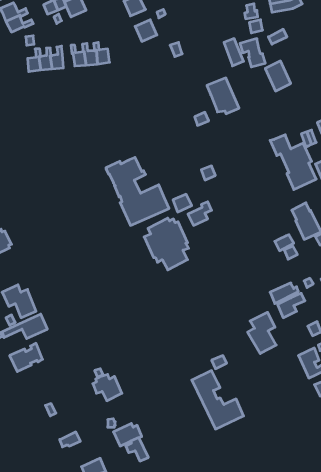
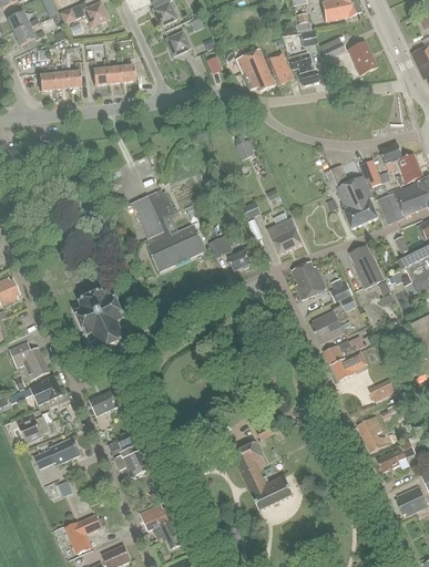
building: [265,61,291,91] -> [347,40,377,75]
building: [207,78,239,114] -> [236,49,274,91]
building: none -> [267,218,303,254]
building: none -> [293,261,327,299]
building: [144,218,189,270] -> [74,289,126,350]
building: none -> [310,310,344,343]
building: [248,312,276,354] -> none
building: none -> [90,389,120,415]
building: none -> [34,437,80,468]
building: none -> [64,522,92,554]

